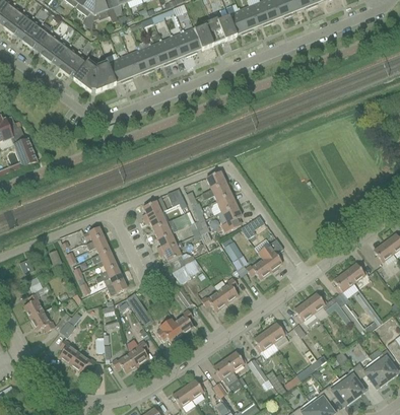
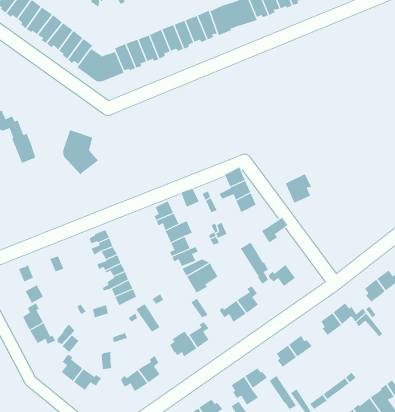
building: none -> [63,129,99,175]
building: [217,204,242,231] -> [285,173,312,204]
building: [258,238,283,271] -> none

